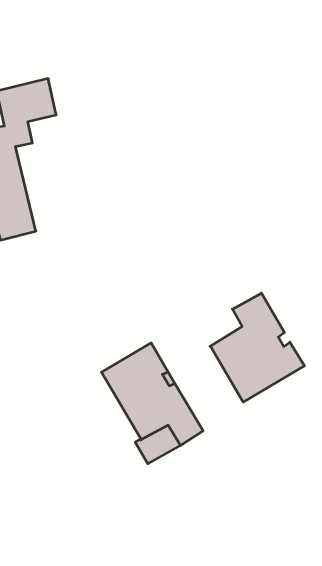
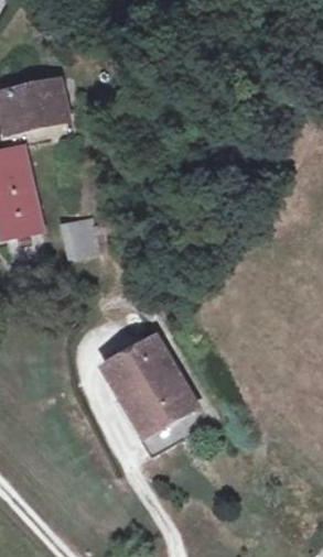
building: none -> [62,215,97,253]
building: [210,293,304,402] -> none

